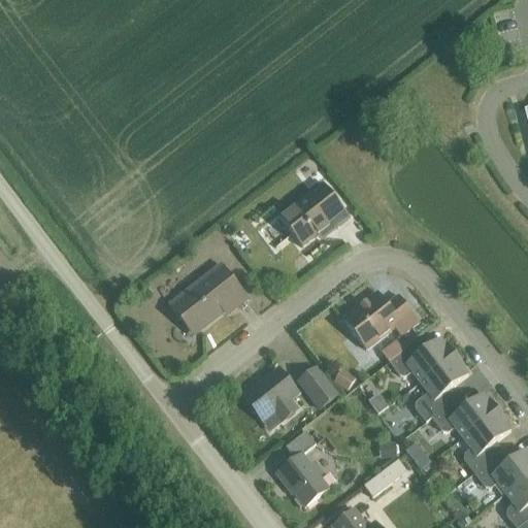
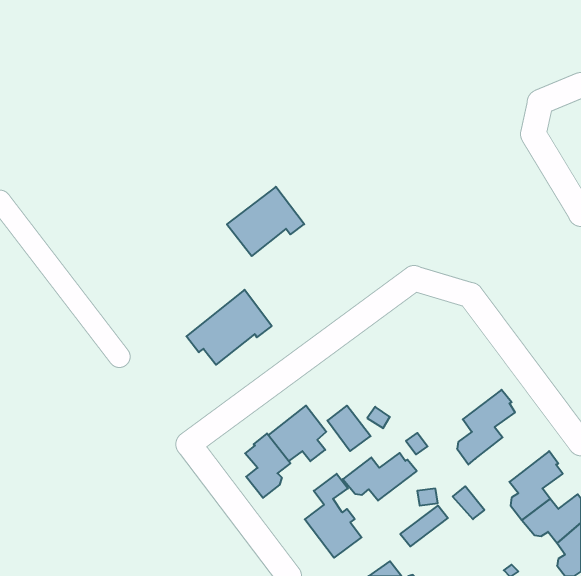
building: [278,183,349,245] -> [227,187,304,256]
building: [342,291,419,349] -> none
building: [388,337,455,381] -> [343,453,417,501]
building: [431,393,498,437] -> none
building: none -> [245,433,290,498]

